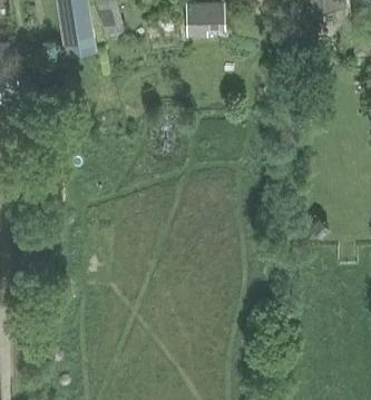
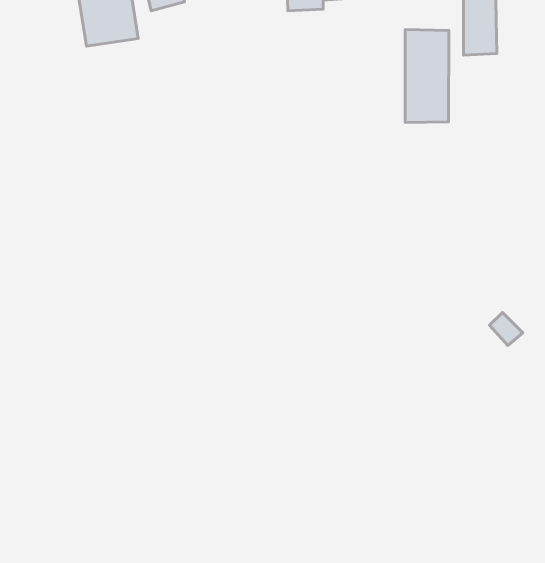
building: none -> [405,30,449,122]

